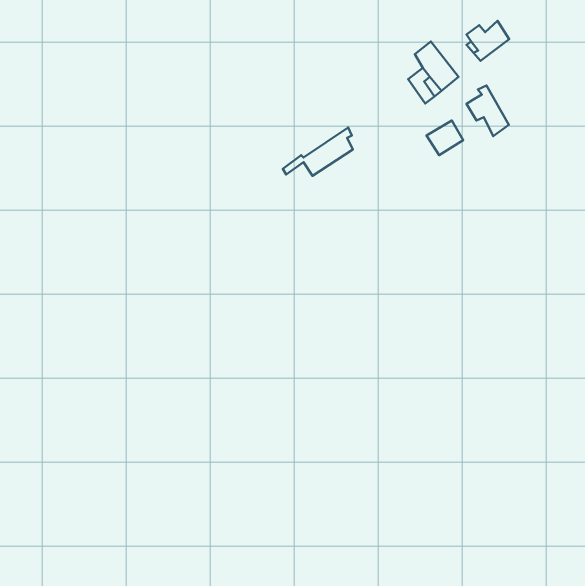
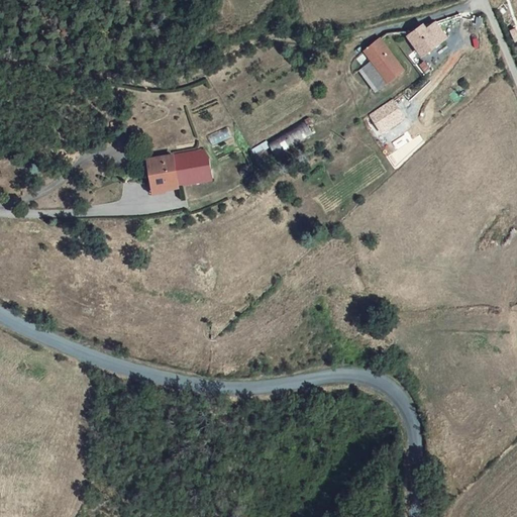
building: [467,86,509,136] -> none
building: none -> [144,152,207,191]

